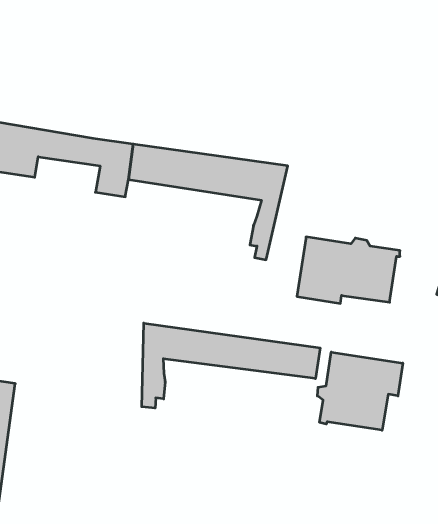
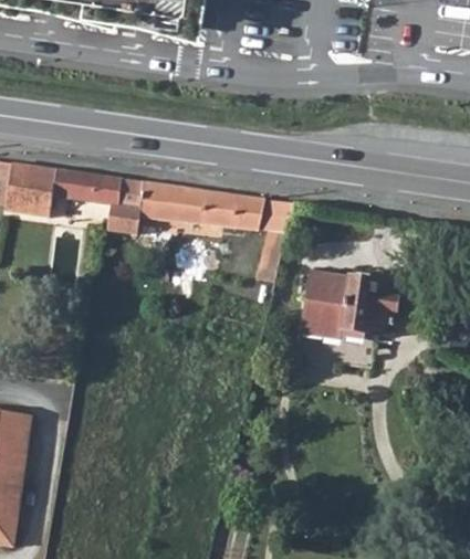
building: [142,323,320,408] -> none
building: [317,352,403,430] -> none

